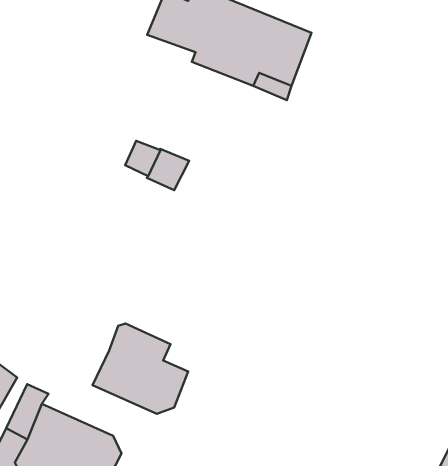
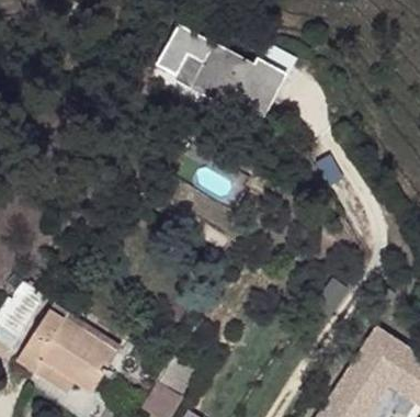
building: [93,324,188,414] -> none

